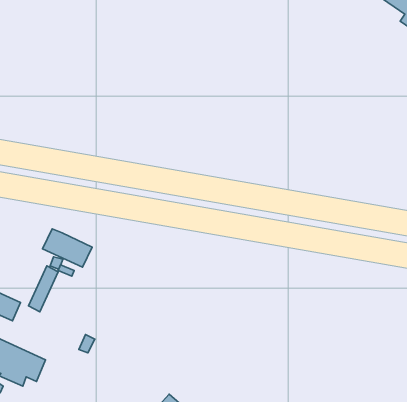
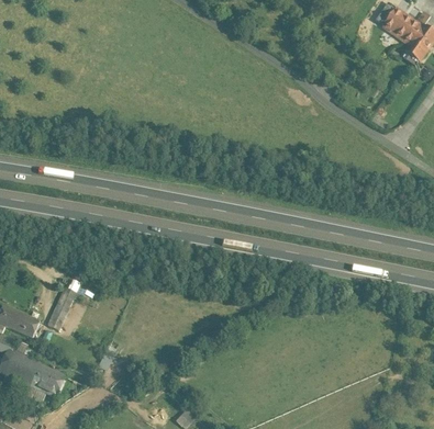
building: [43,229,92,267] -> none

